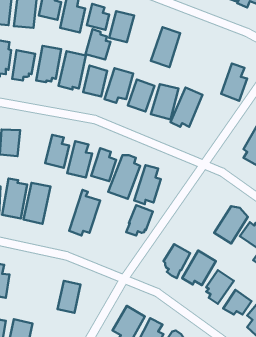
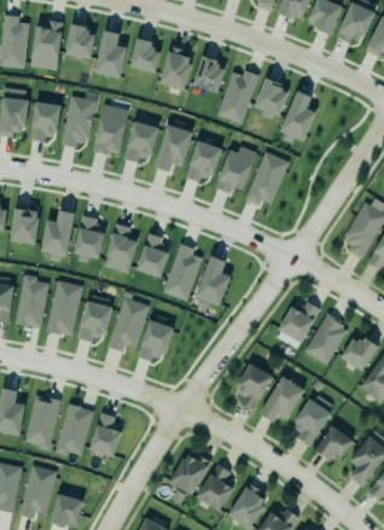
building: [85,29,110,60] -> [192,51,226,92]
building: none -> [255,81,290,118]
building: [221,64,247,101] -> [281,92,316,142]
building: none -> [40,204,75,263]
building: none -> [78,296,114,344]
building: none -> [277,299,319,340]
building: [126,205,153,236] -> [135,321,171,362]
building: none -> [24,394,60,450]
building: none -> [58,406,93,458]

